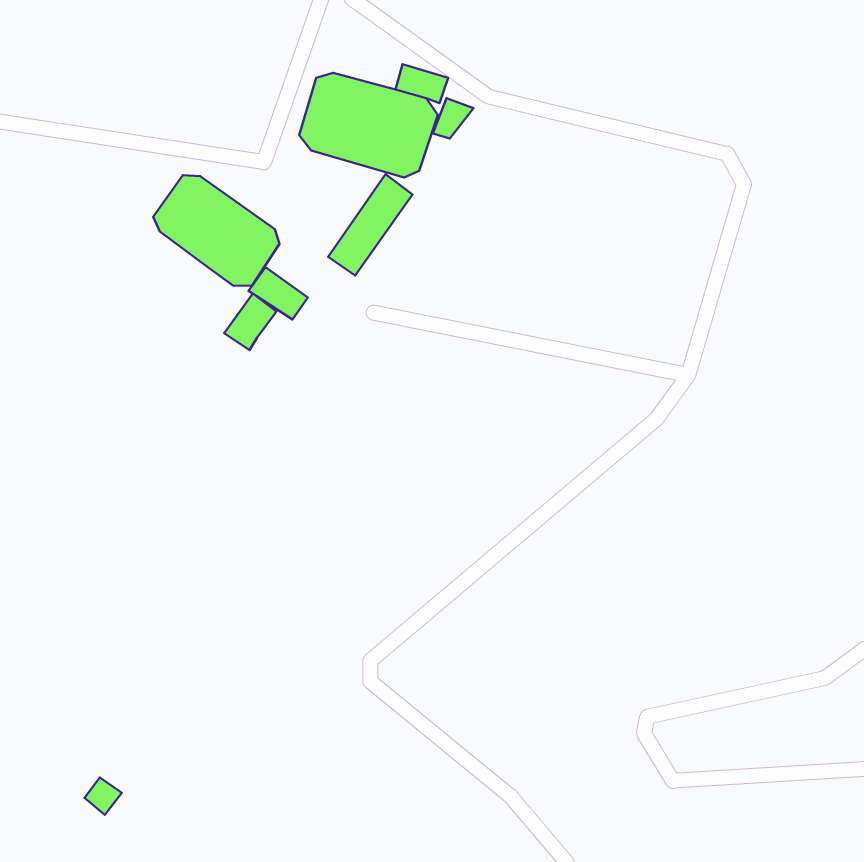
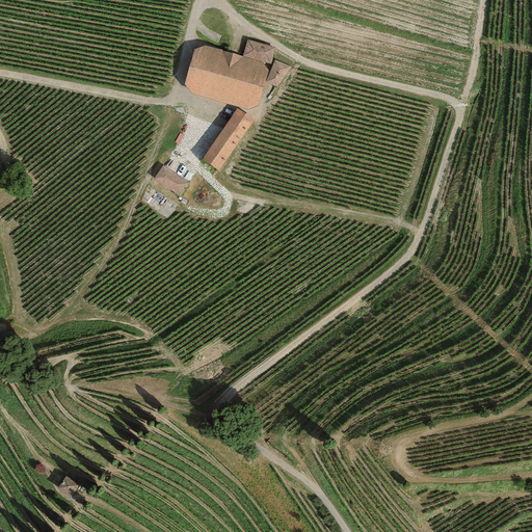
building: [153,175,279,286] -> none
building: [224,293,277,350] -> none

